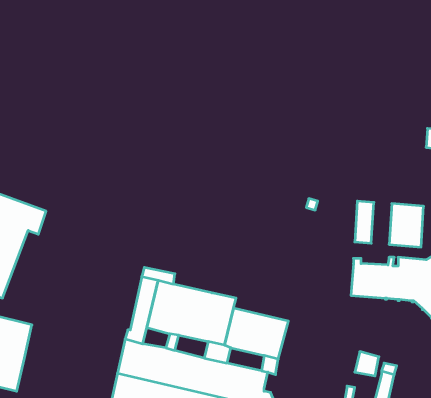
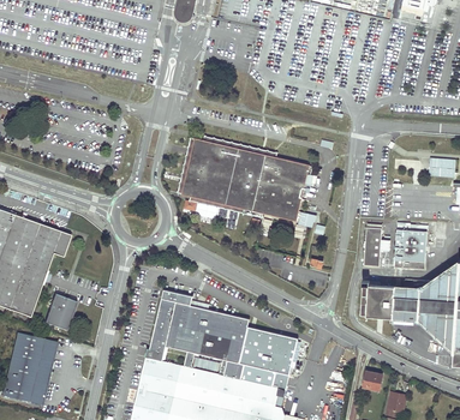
building: none -> [178,136,317,227]
building: none -> [46,294,78,330]

